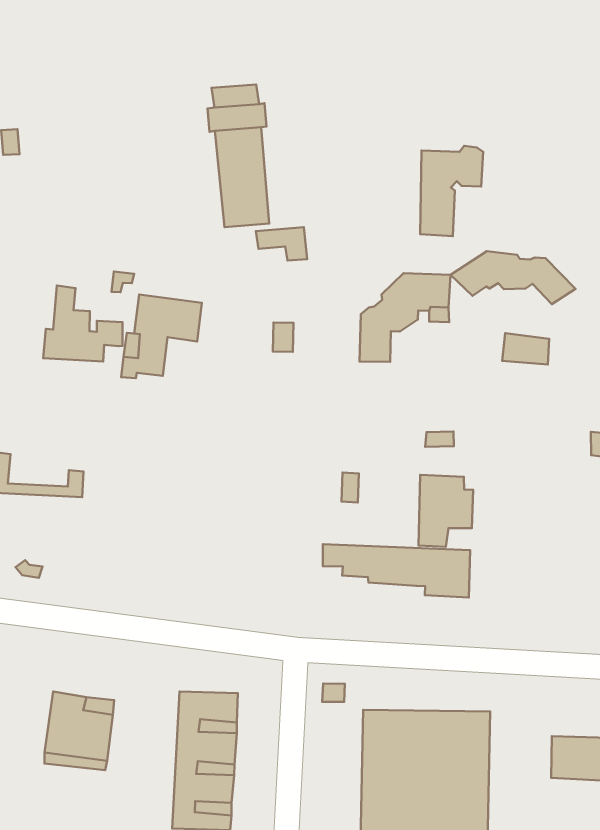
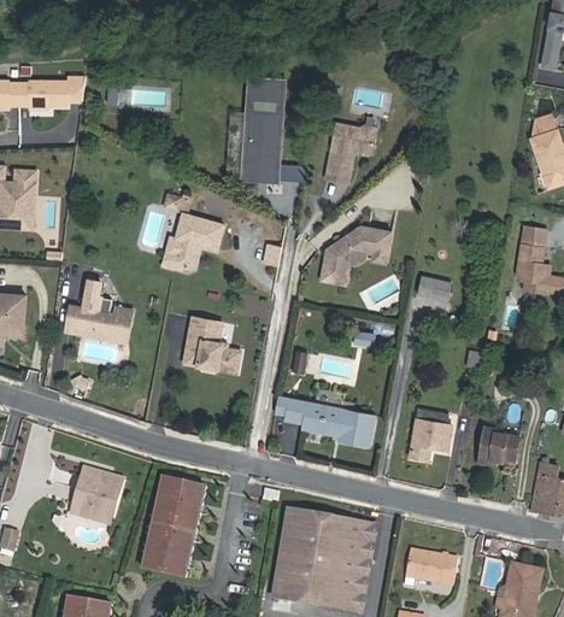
building: [420,146,483,236] -> [324,122,375,182]
building: [451,251,576,304] -> none
building: [43,285,122,361] -> [74,276,130,331]
building: none -> [183,316,240,372]
building: [419,475,473,547] -> [409,409,451,459]

